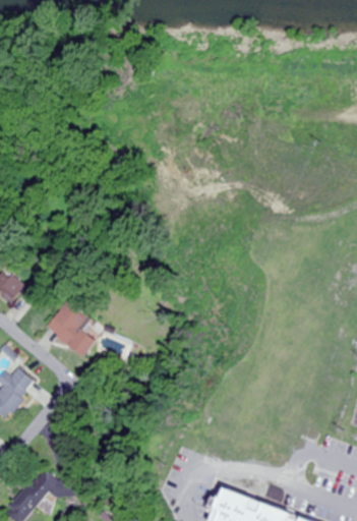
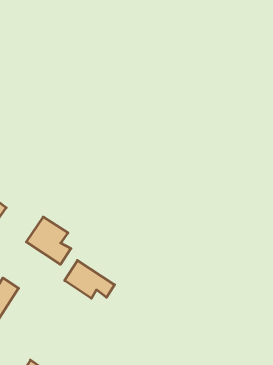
building: none -> [65,260,115,298]

